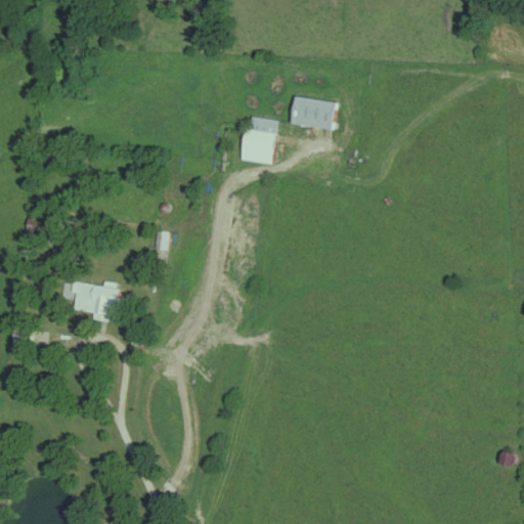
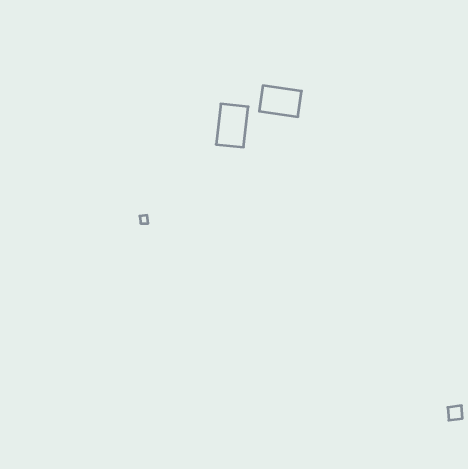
building: [69,280,119,322] -> none

